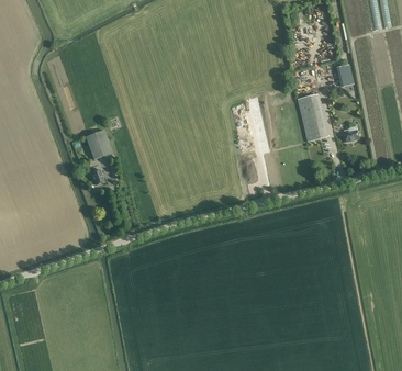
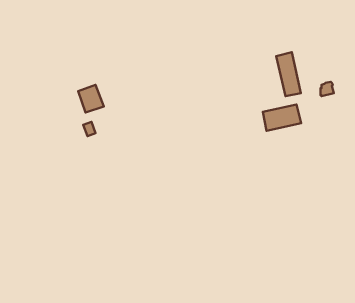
building: none -> [263,105,301,131]

